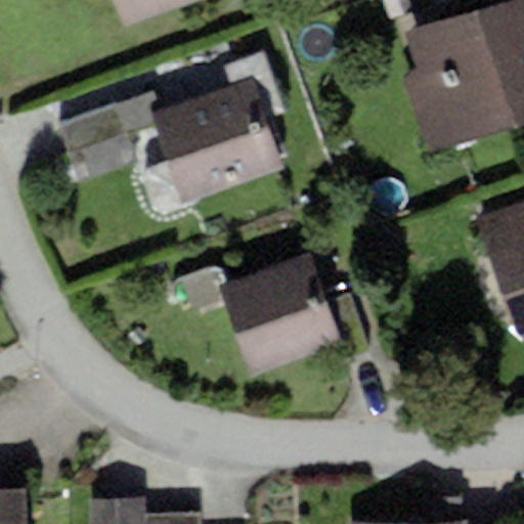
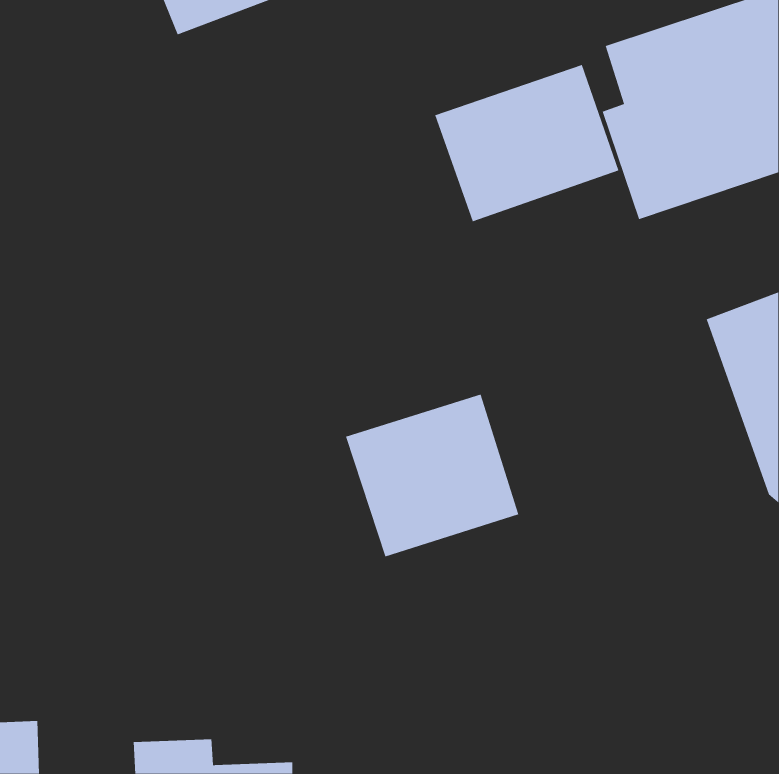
building: none -> [434,64,619,222]
building: [161,97,287,207] -> none

